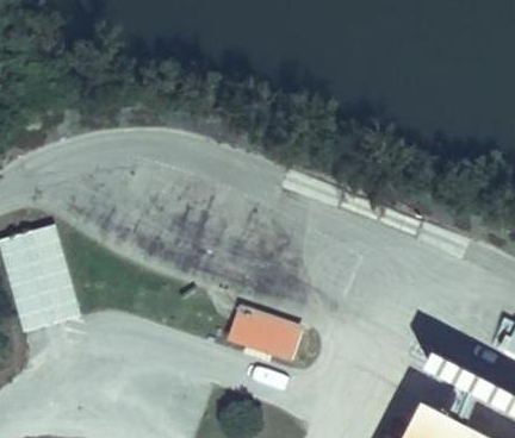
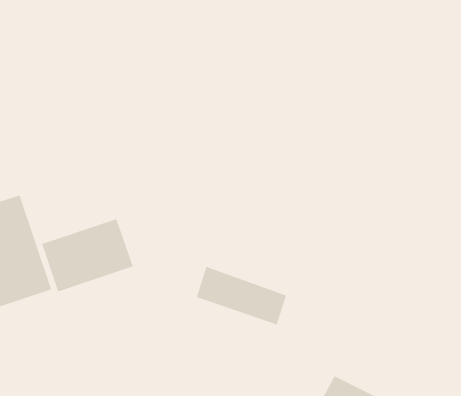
building: none -> [41,218,134,292]

